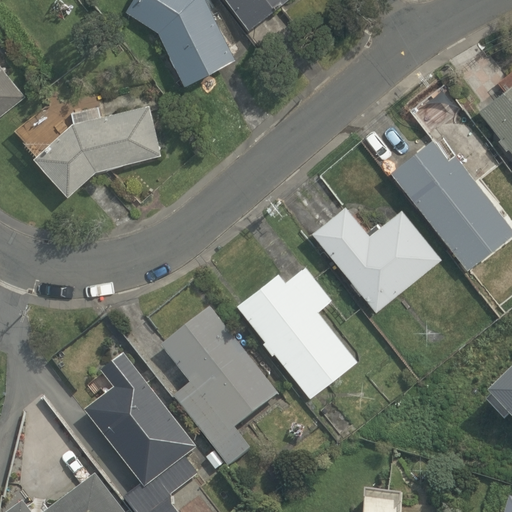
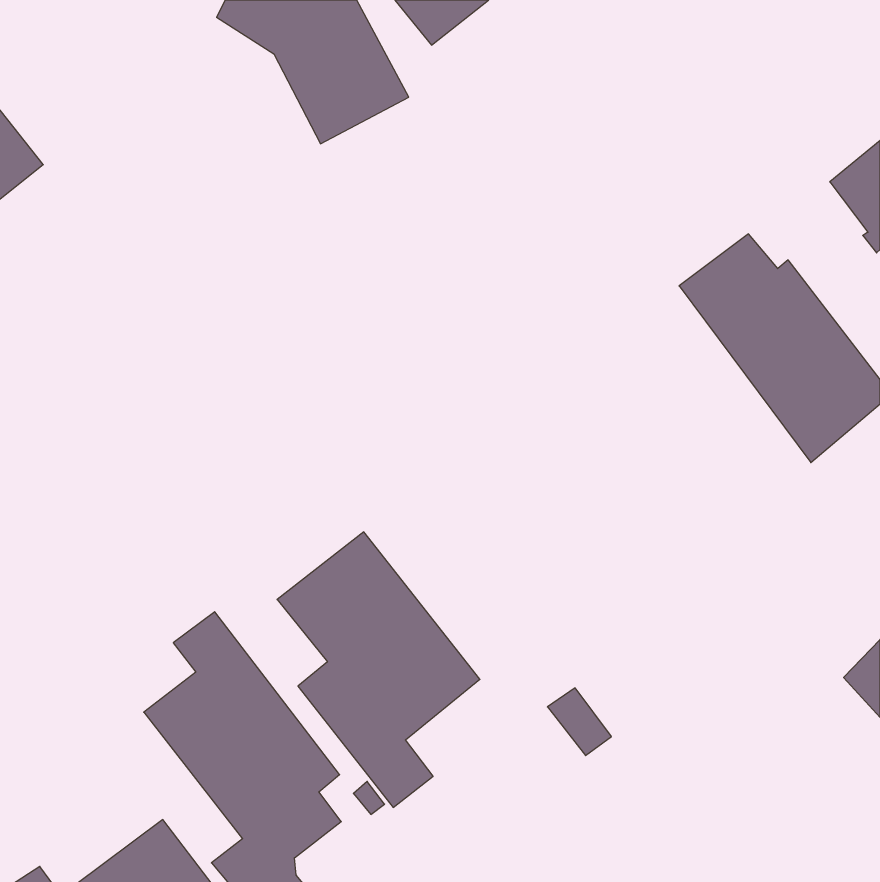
building: [34,106,161,196] -> none
building: [312,204,442,310] -> none
building: [237,266,357,398] -> none

